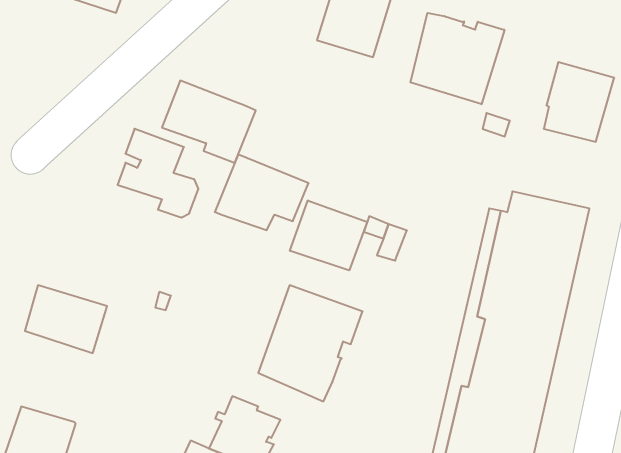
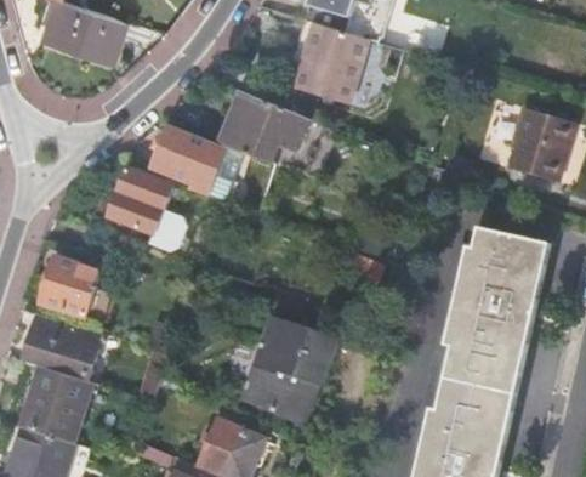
building: [410,13,504,104] -> none
building: [215,155,309,230] -> [223,92,311,163]
building: [290,200,367,270] -> none
building: none -> [40,259,99,318]
building: none -> [22,367,91,443]

